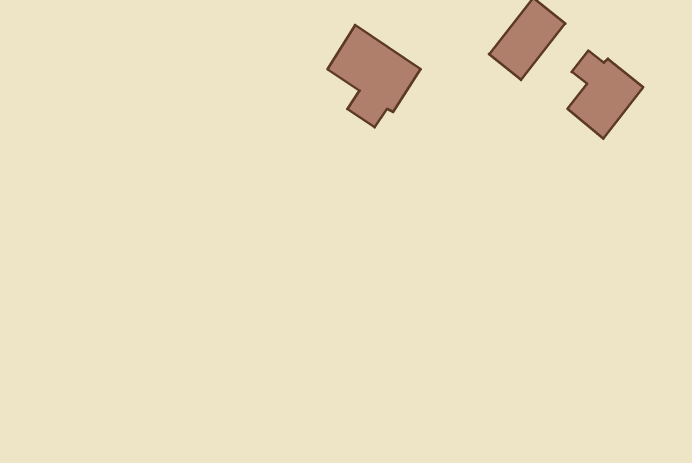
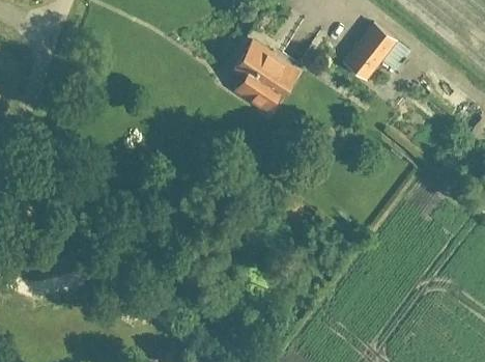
building: [568,51,643,139] -> none

